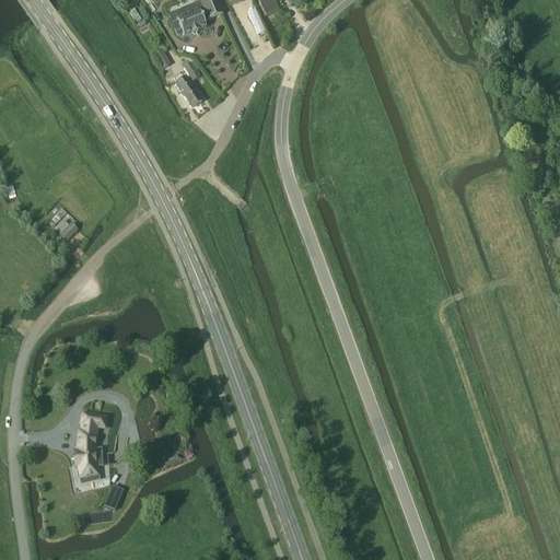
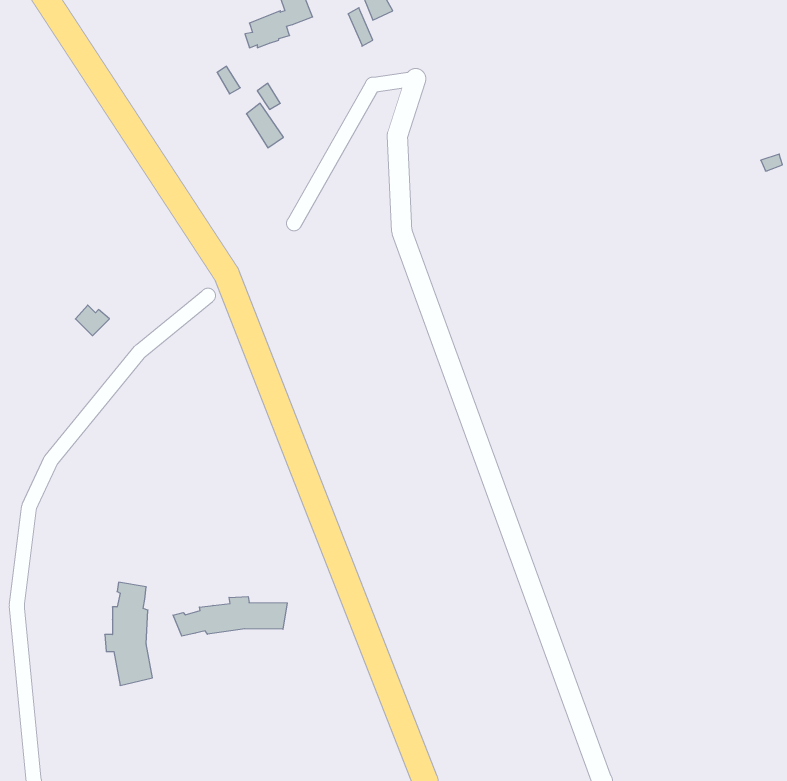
building: none -> [173,597,287,636]

